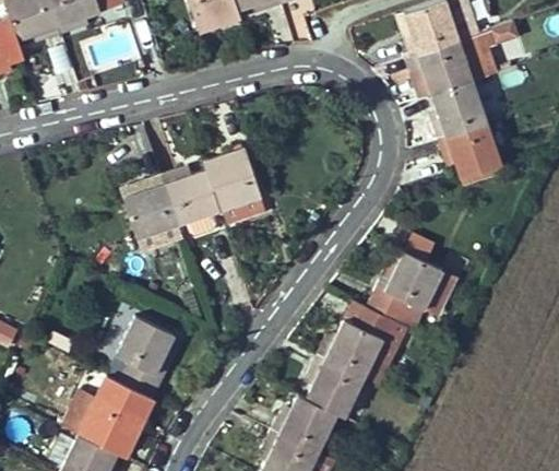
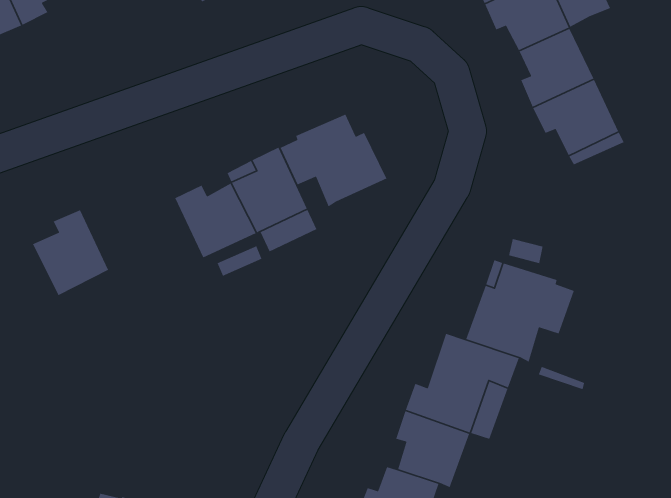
building: none -> [279,113,387,208]
building: [122,176,178,239] -> [32,209,109,296]
building: [116,317,174,398] -> none

